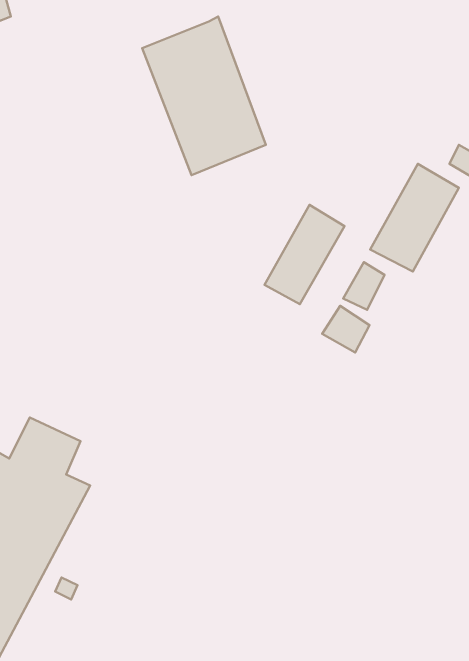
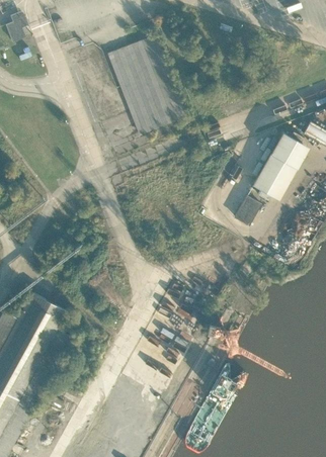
building: [264,205,345,304] -> none
building: [322,306,370,353] -> none

